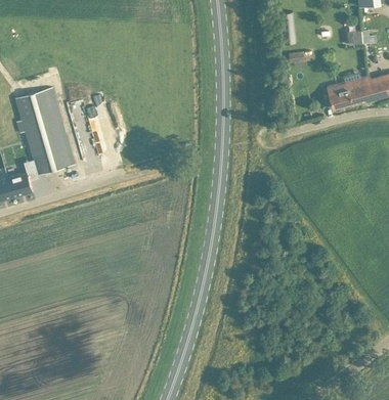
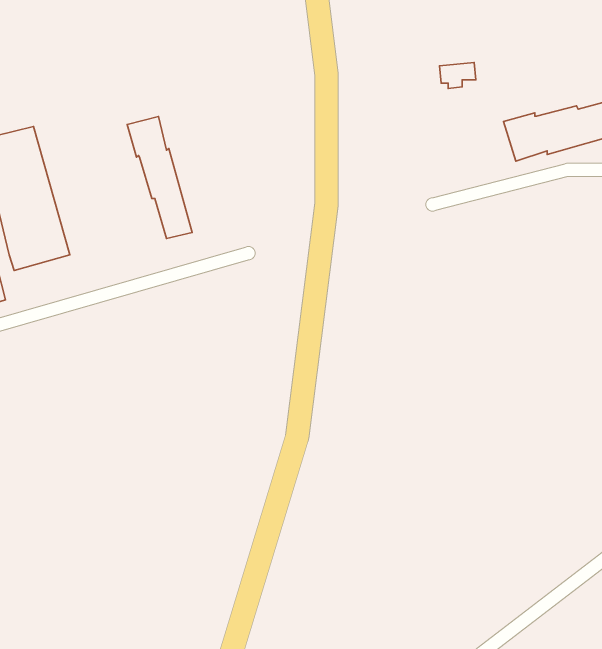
building: none -> [127,117,192,239]

